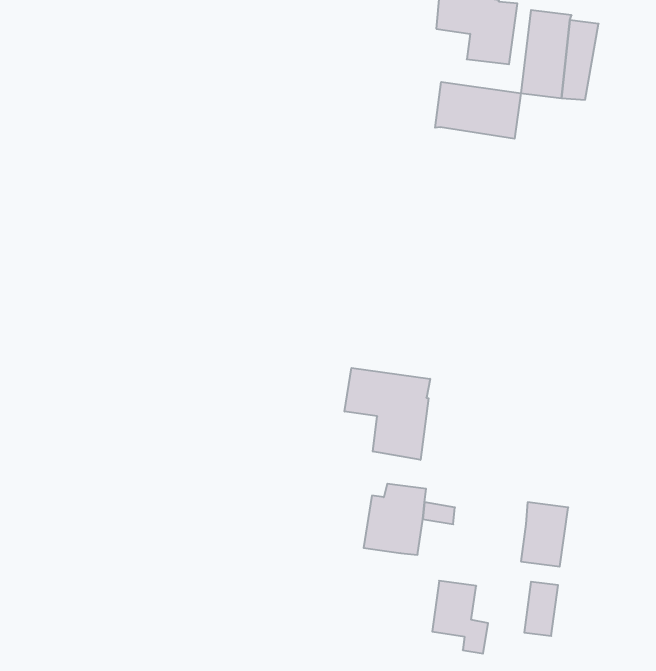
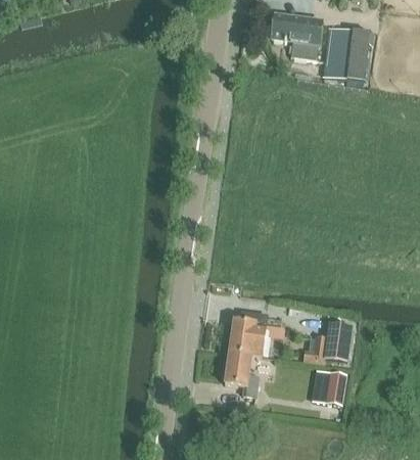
building: [435,82,521,139] -> none
building: [345,368,430,460] -> none
building: [432,581,488,654] -> [224,351,258,395]

